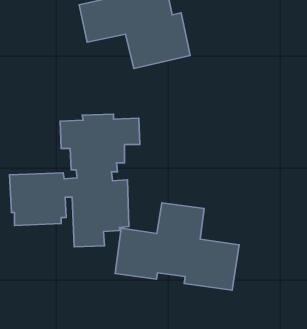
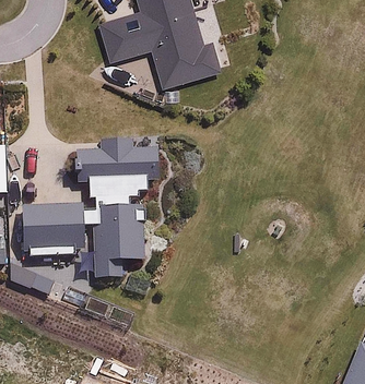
building: [115,203,239,290] -> none

